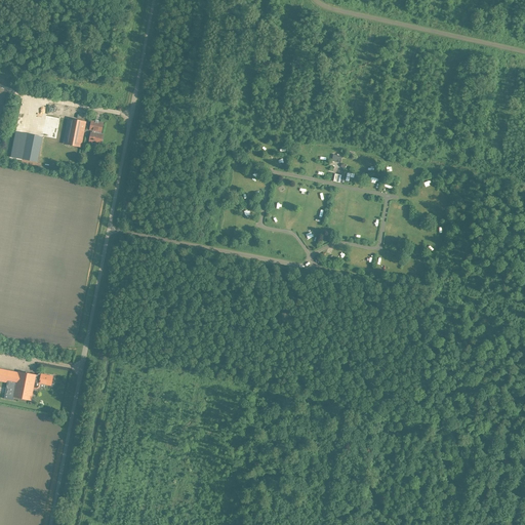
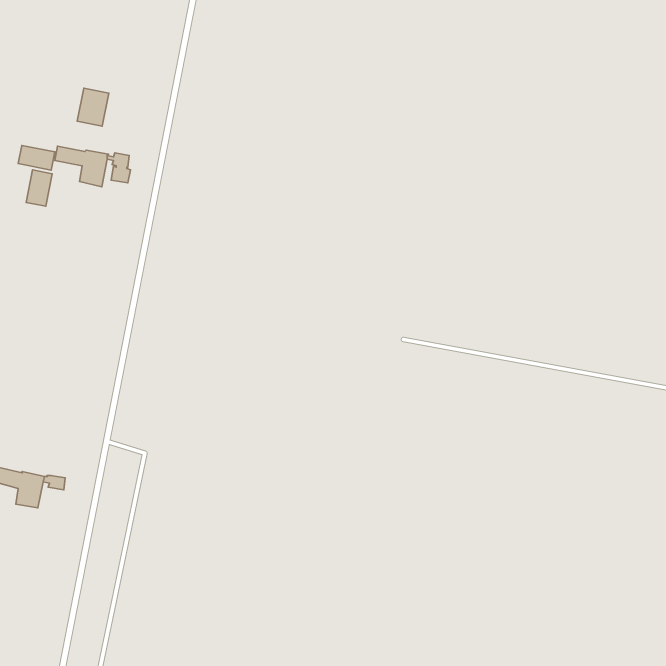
building: none -> [77,88,109,126]
building: none -> [18,145,55,170]

